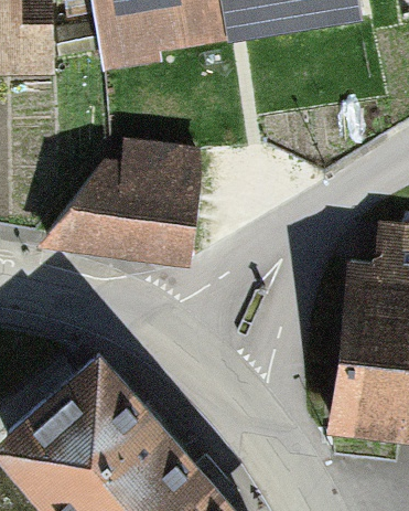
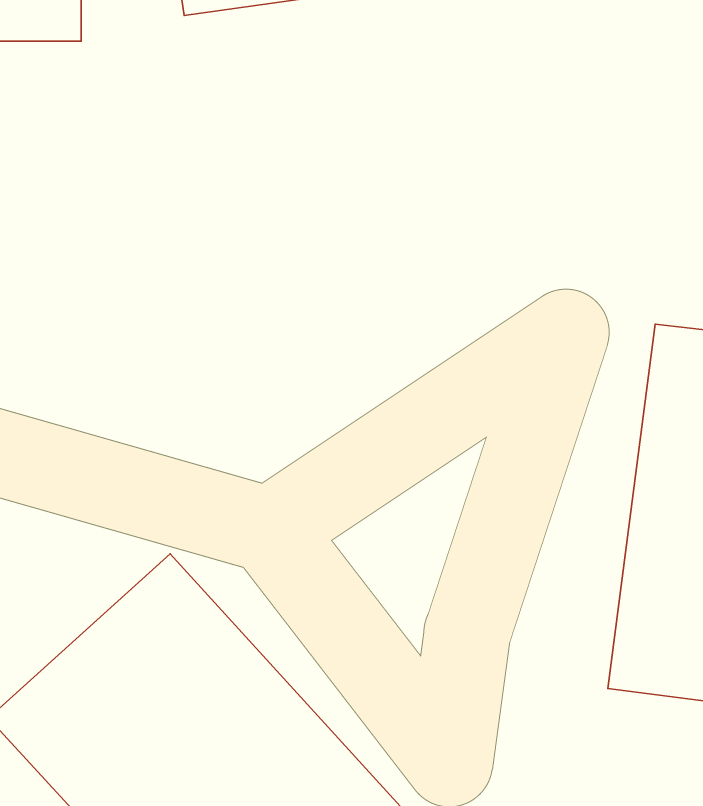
building: [61,166,192,265] -> none

